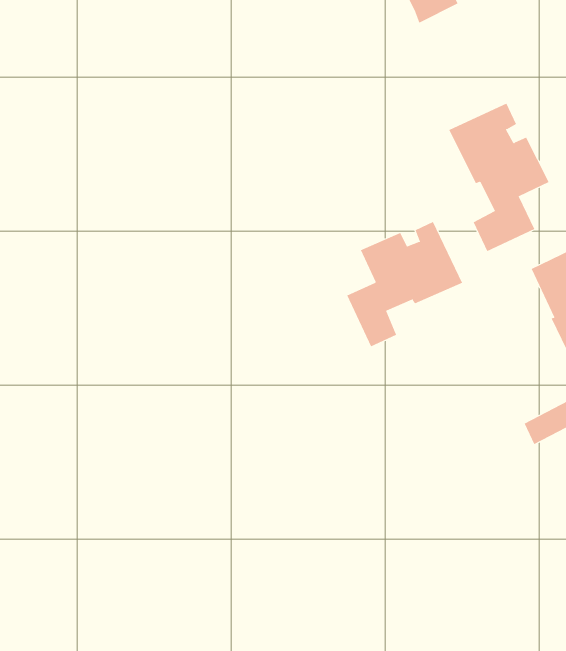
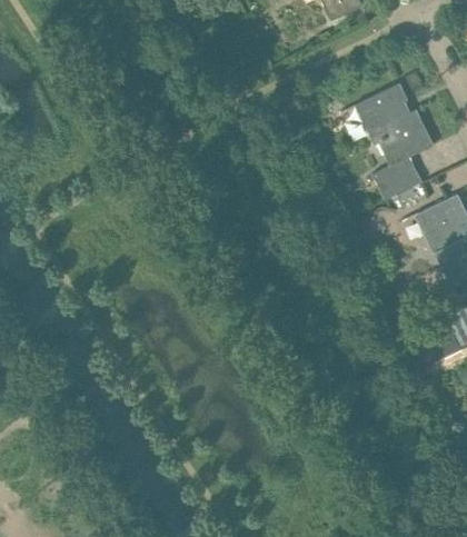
building: [346,221,463,347] -> none

